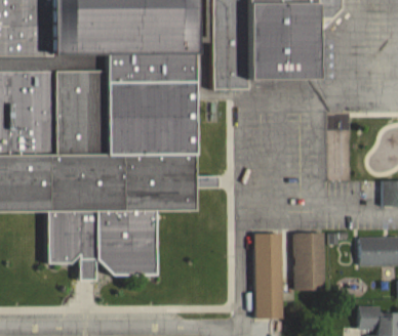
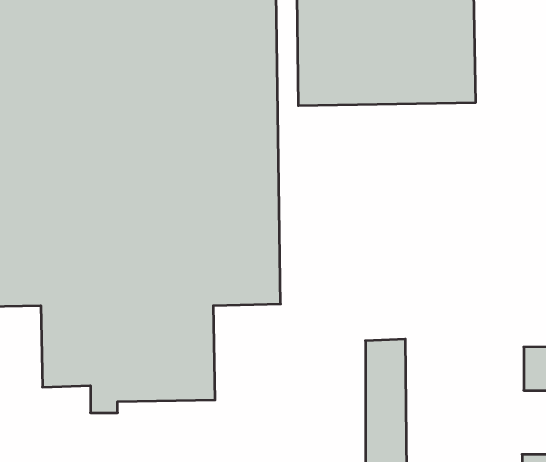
building: [292,232,323,290] -> none

